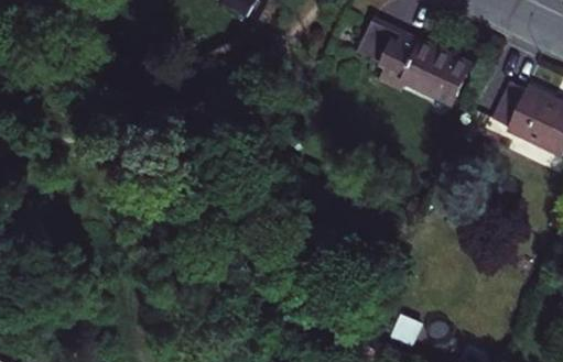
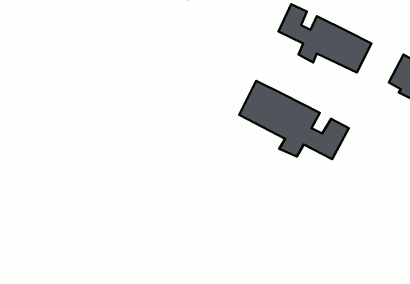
building: none -> [239,81,349,159]

